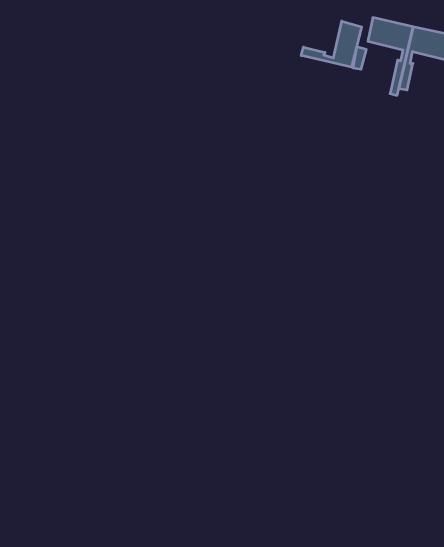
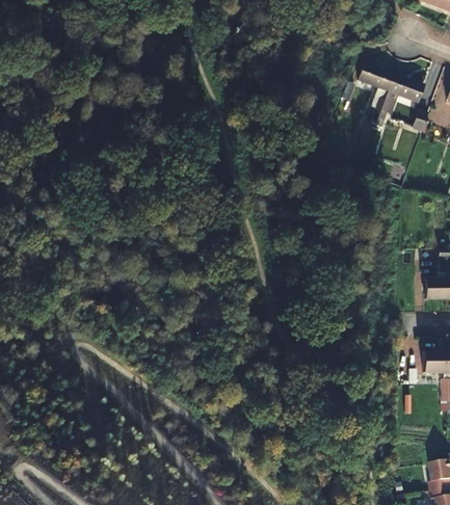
building: [301,21,362,67] -> none

